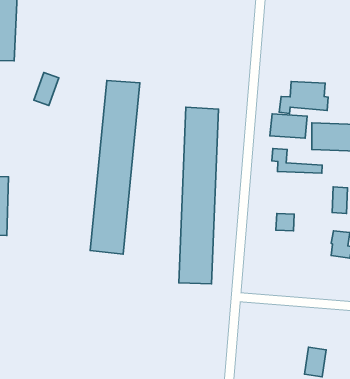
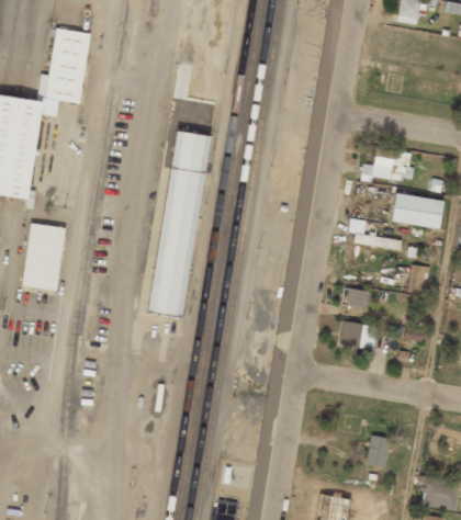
building: [34,72,59,106] -> none
building: [179,107,218,284] -> none
building: [270,114,307,138] -> none
building: none -> [340,323,374,348]

